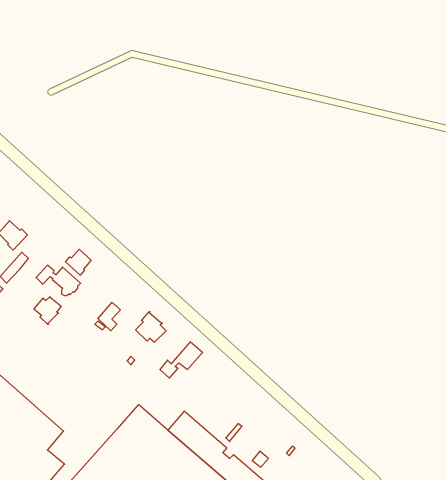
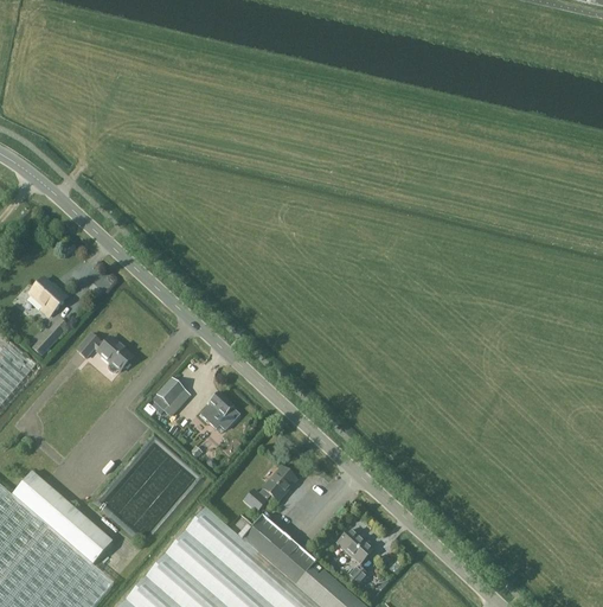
building: [66,249,91,275] -> none
building: [34,297,61,324] -> none
building: [160,342,203,378] -> [243,467,296,512]
building: none -> [336,530,373,566]

